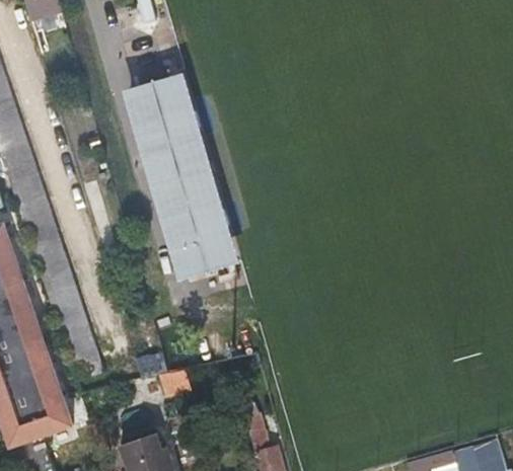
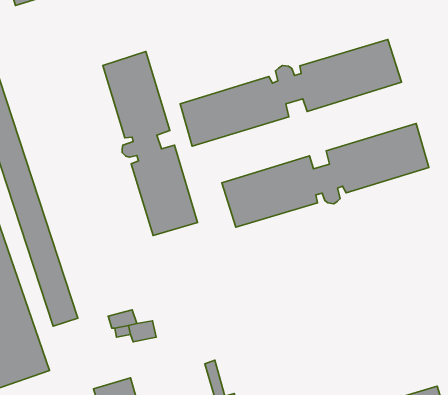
building: none -> [180,39,401,146]
building: none -> [222,123,429,227]

